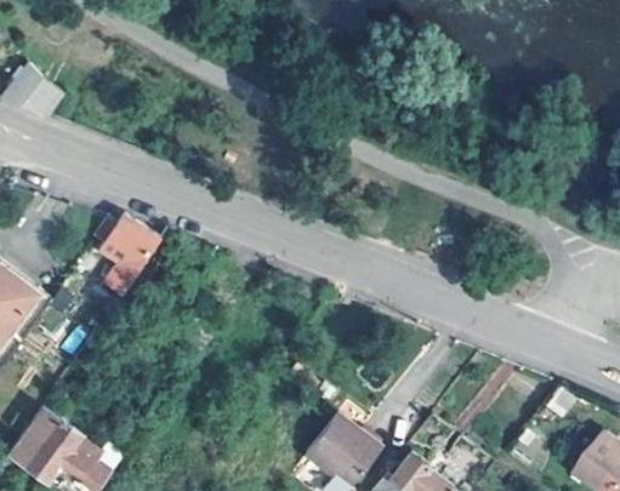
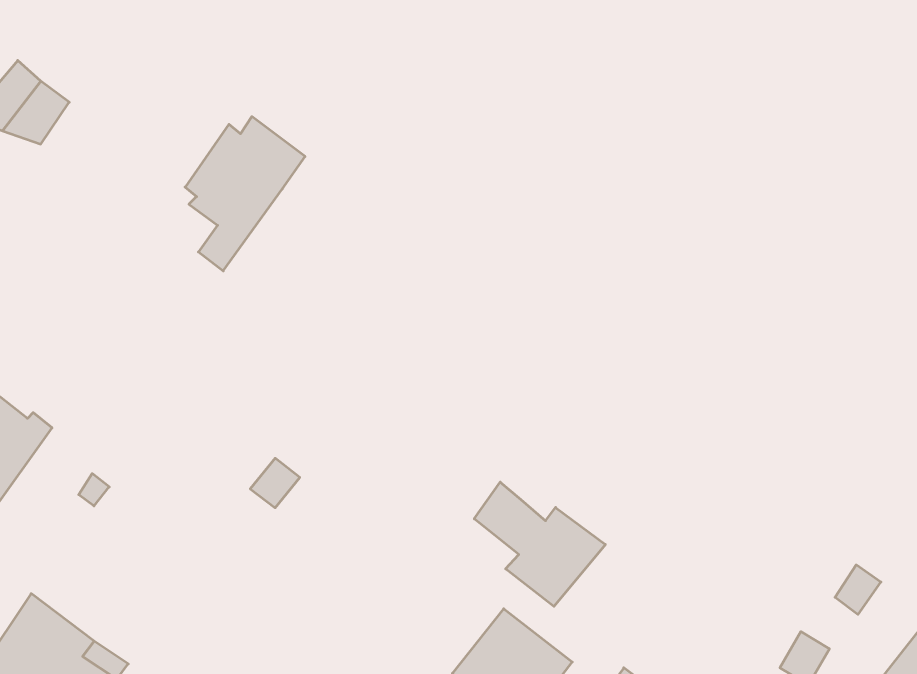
building: [81,213,158,312] -> [185,117,305,271]
building: none -> [474,482,605,606]

